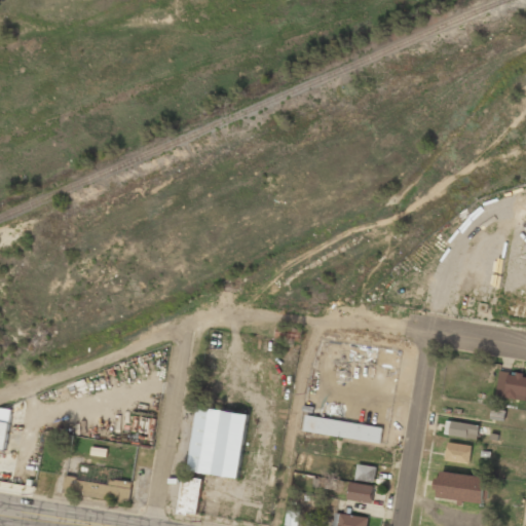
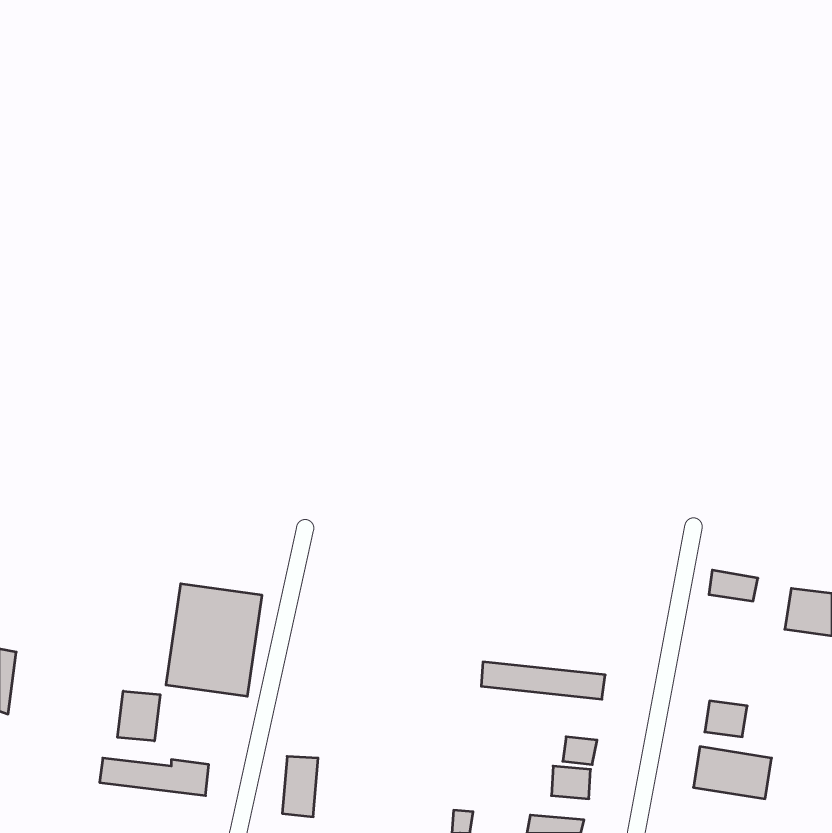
building: [187,407,248,478] -> [166,584,262,696]
building: [448,420,479,440] -> [709,570,758,601]
building: none -> [118,691,160,741]

